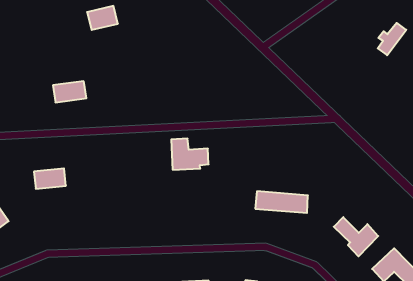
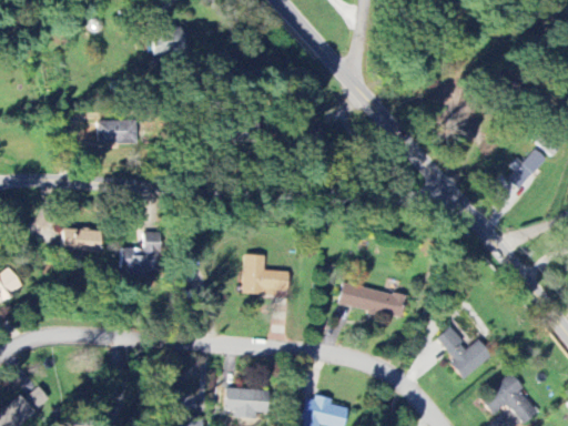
building: [378,23,406,55] -> [508,149,547,189]
building: [171,139,209,170] -> [242,254,290,295]
building: none -> [120,232,161,273]

